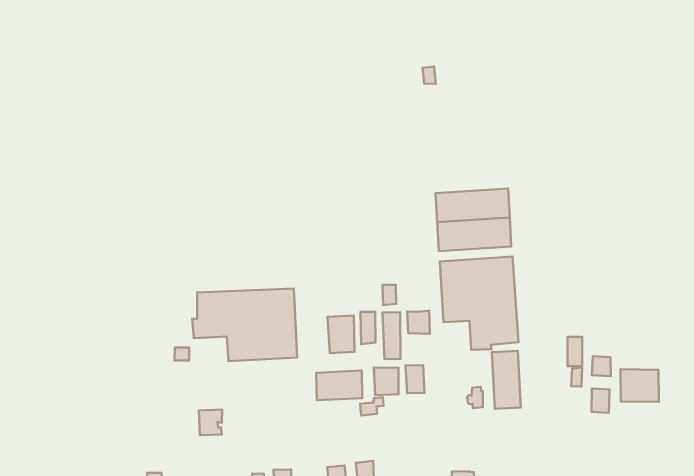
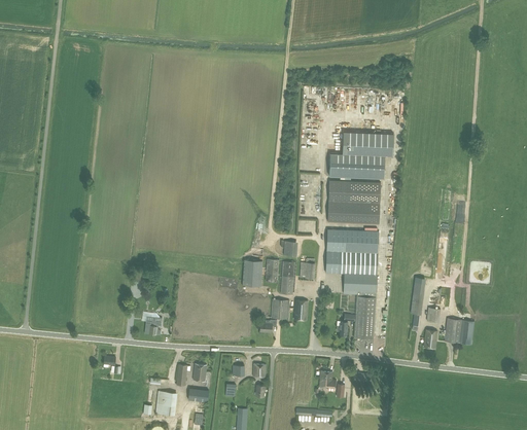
building: none -> [328,132,392,178]
building: [192,288,297,361] -> none
building: [316,370,362,400] -> none

